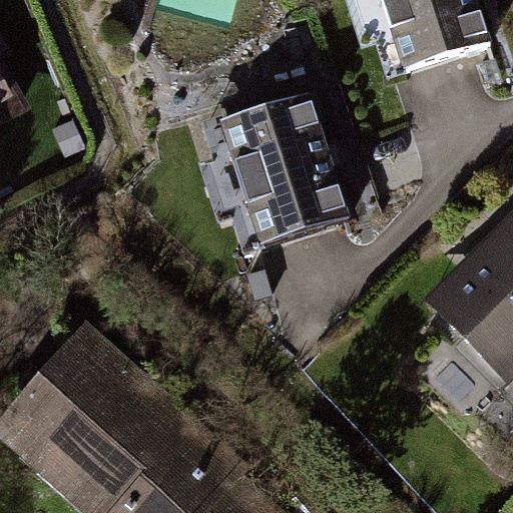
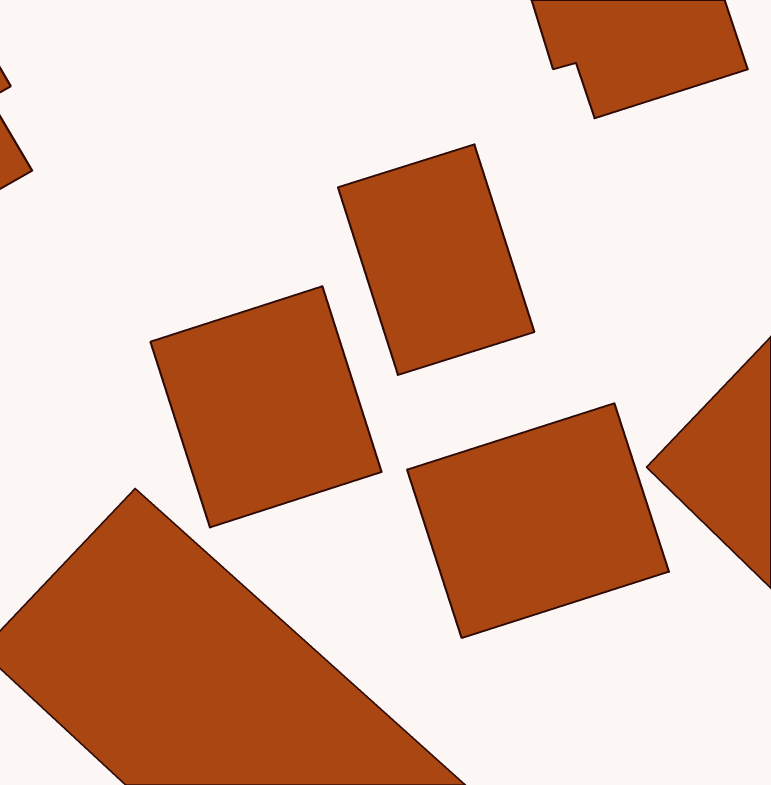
building: none -> [151,286,382,528]
building: none -> [407,403,669,638]

